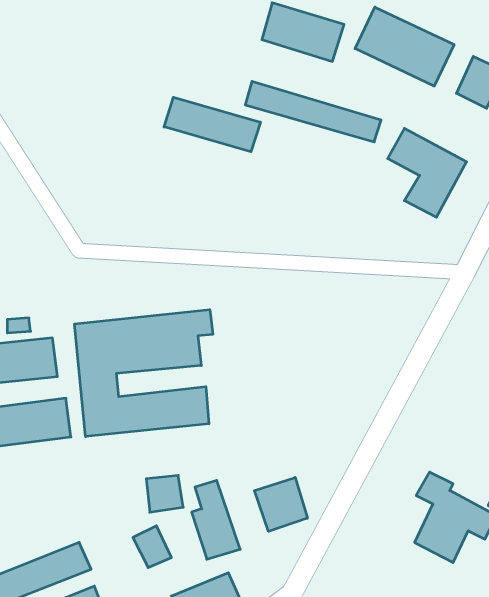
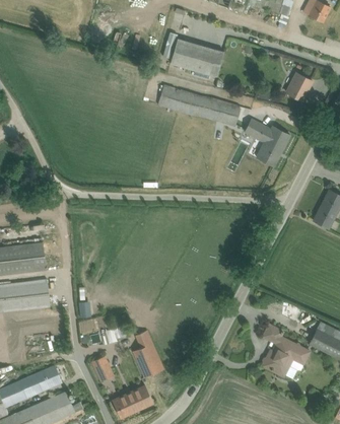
building: [355,7,454,86] -> none
building: [164,97,260,152] -> none
building: [75,310,213,437] -> none
building: [254,477,307,531] -> none

